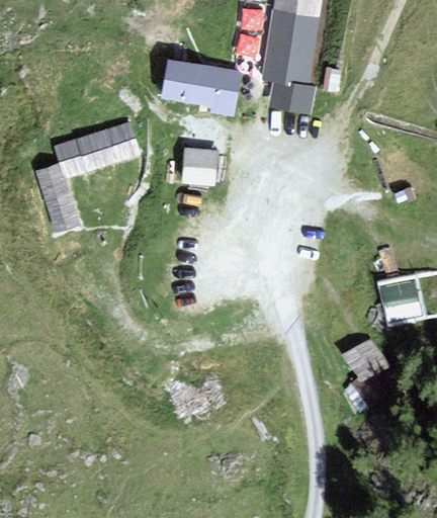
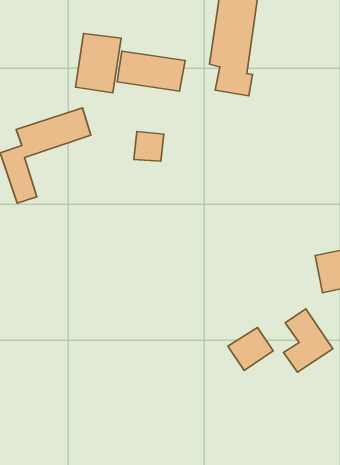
building: none -> [76,33,121,93]
building: none -> [228,327,273,370]

